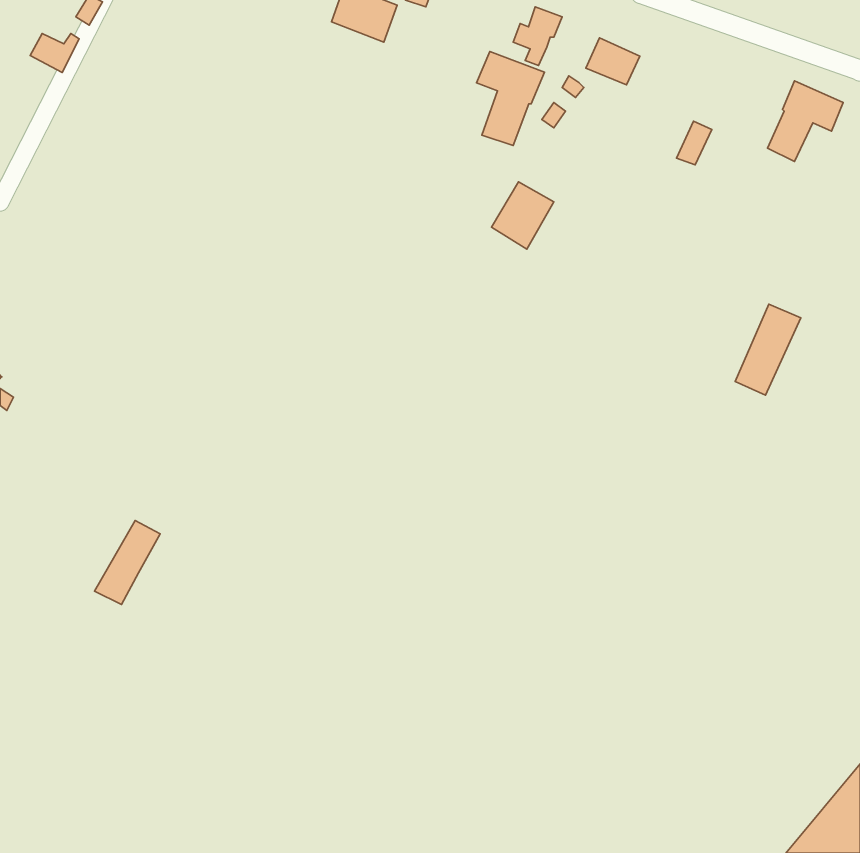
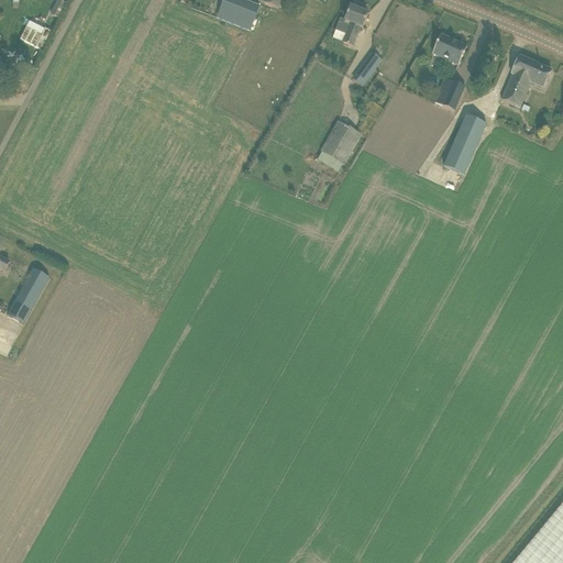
building: [586,38,640,85] -> [432,32,467,63]
building: [477,51,544,146] -> none
building: [735,304,801,395] -> [444,113,487,173]
building: [95,521,160,605] -> [7,266,49,321]

